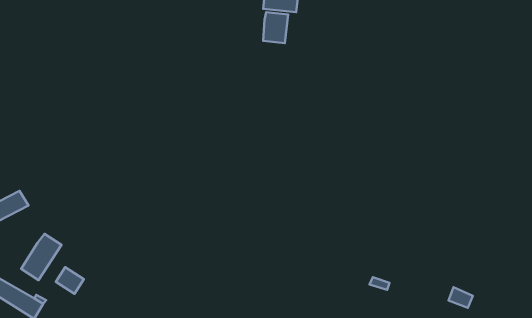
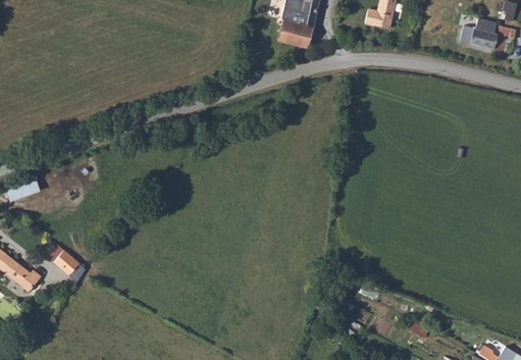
building: [263,12,288,43] -> none
building: [21,234,62,280] -> none

